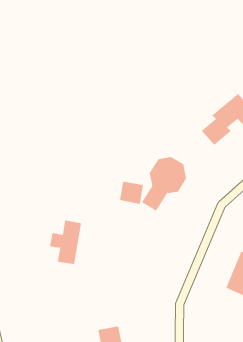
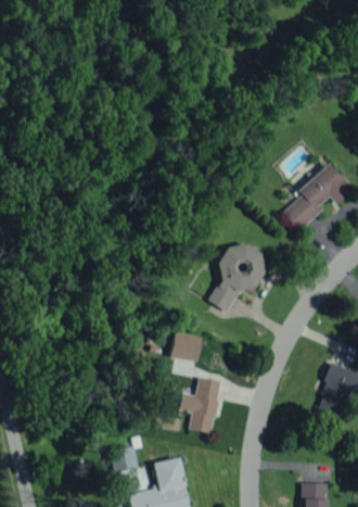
building: [119,181,144,204] -> [171,332,203,362]
building: [49,220,82,264] -> [180,377,221,433]
building: none -> [111,447,138,471]

